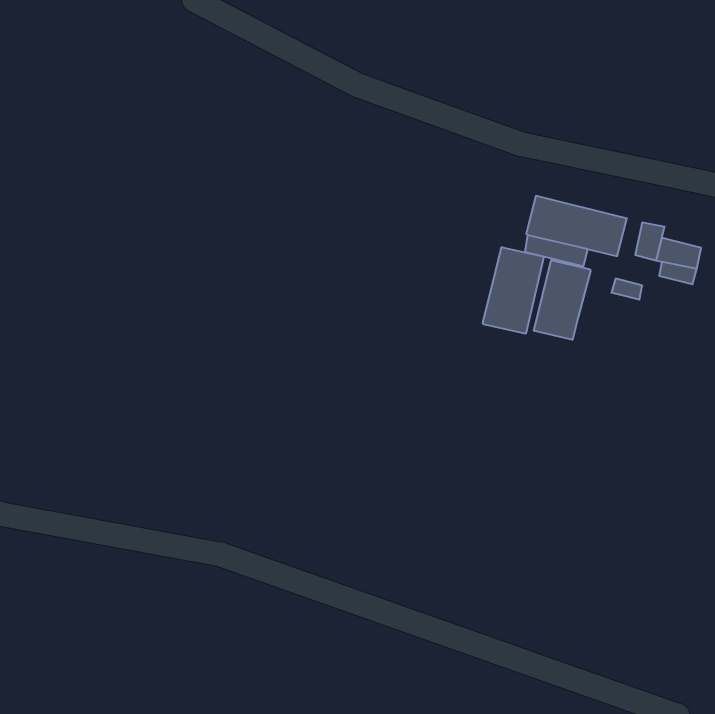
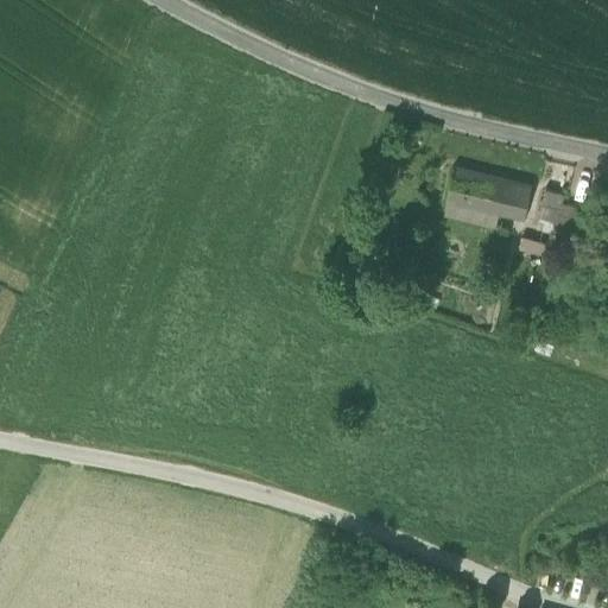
building: [483,247,544,334] -> none
building: [534,260,590,340] -> none

